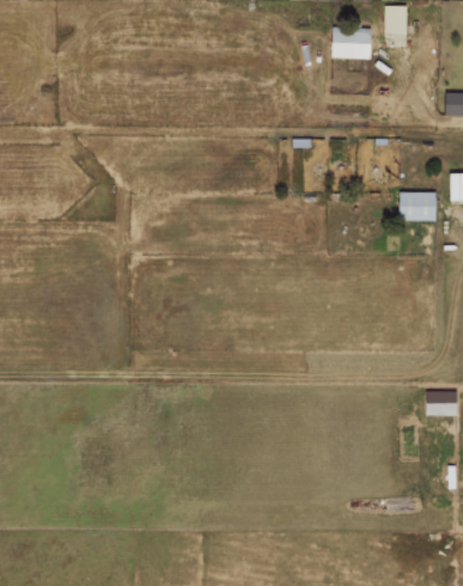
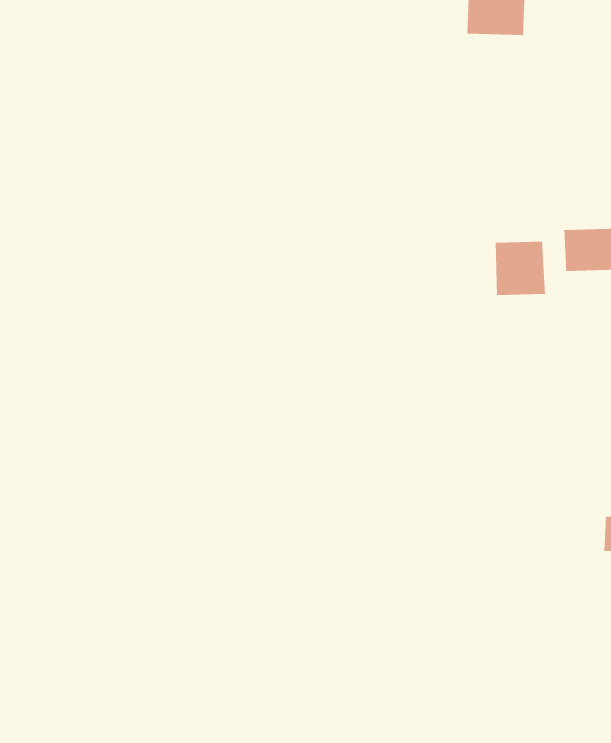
building: none -> [495,241,546,296]

